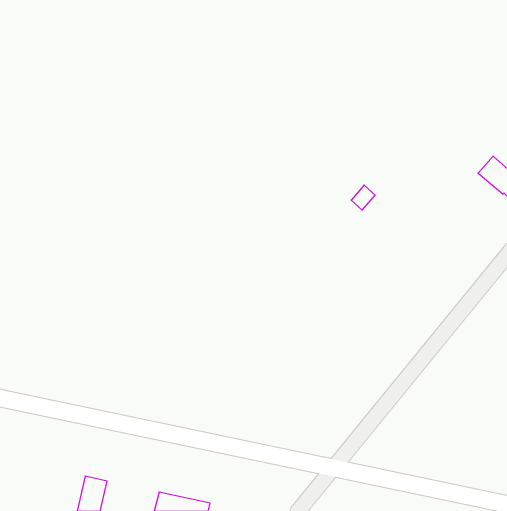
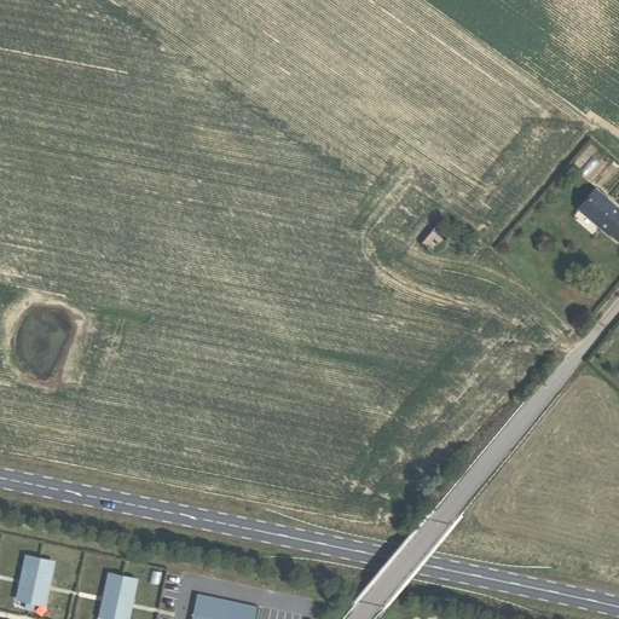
building: none -> [16,557,51,606]

